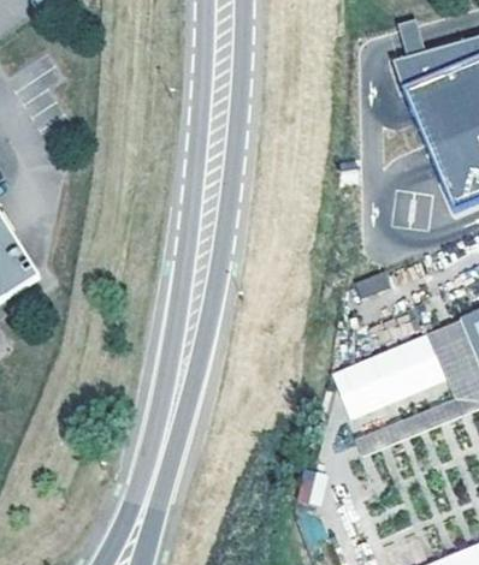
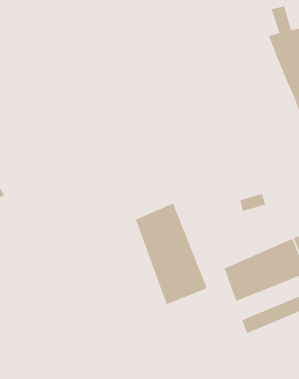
building: none -> [135,202,208,305]

